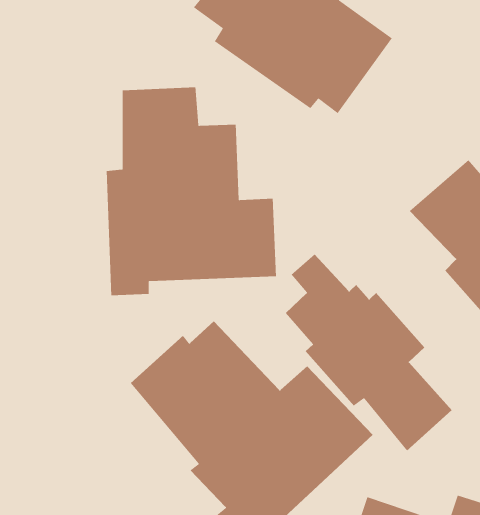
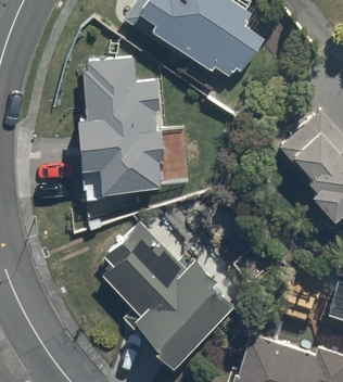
building: [285,254,453,452] -> none

